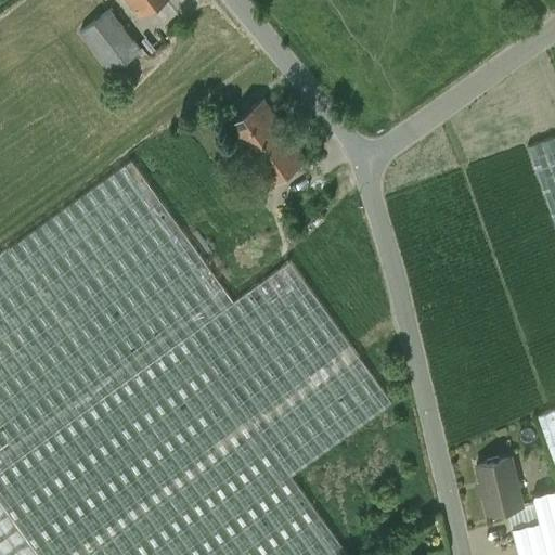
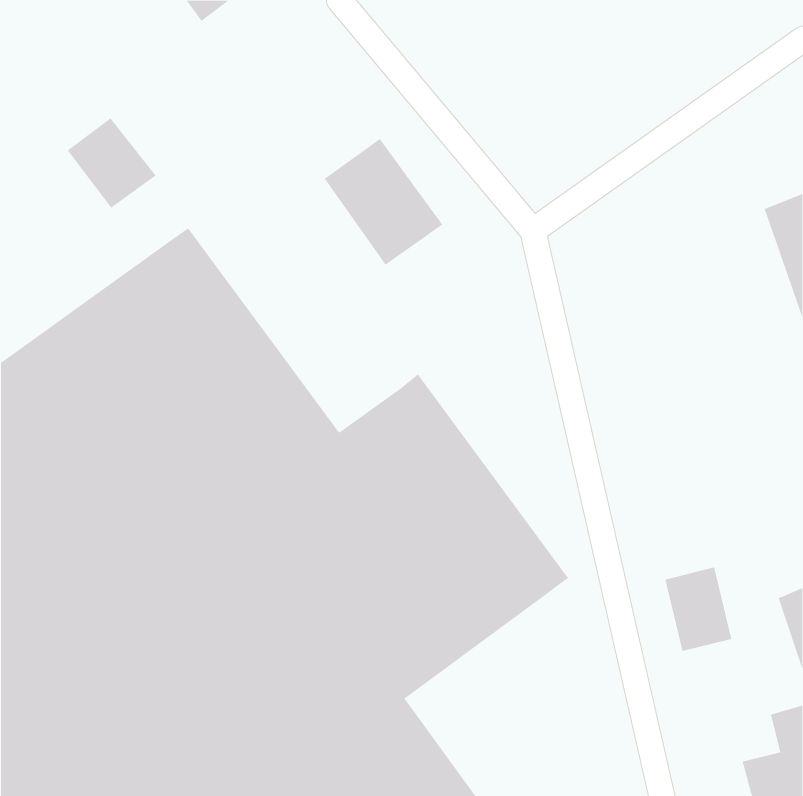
building: [79,12,141,75] -> [67,117,157,209]
building: [474,459,520,517] -> [665,567,732,652]

